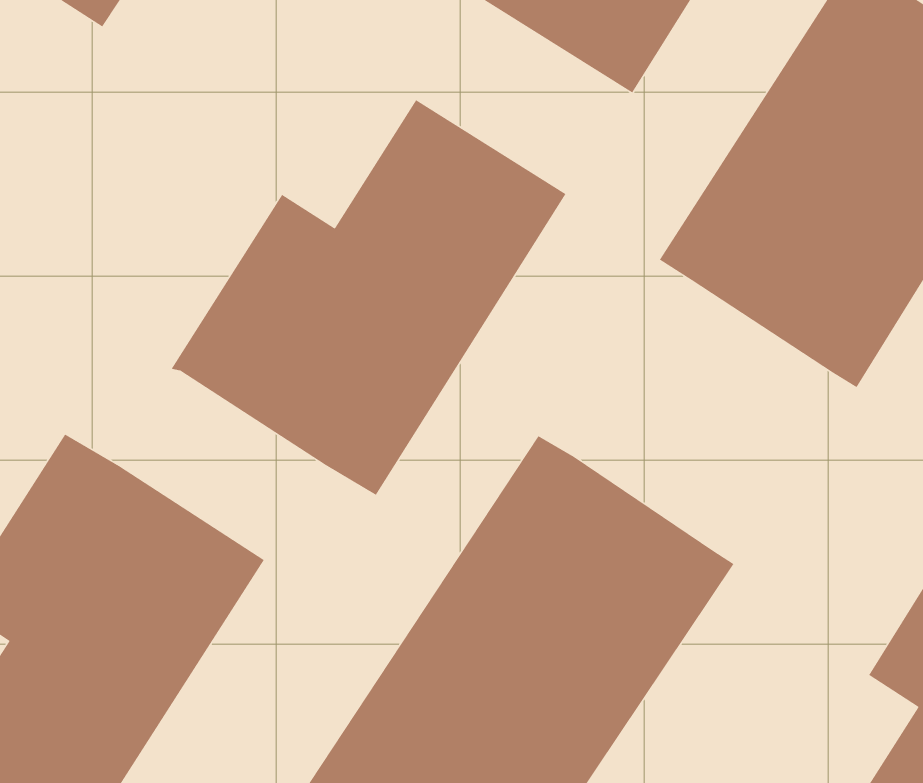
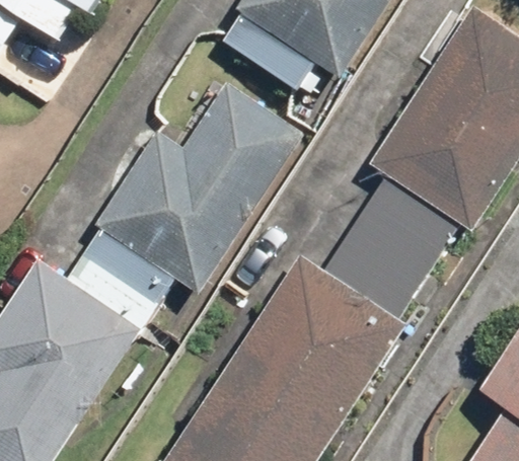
building: none -> [315,177,454,322]
building: none -> [71,226,181,327]

